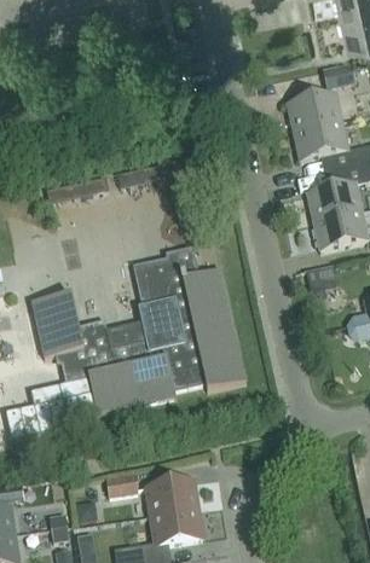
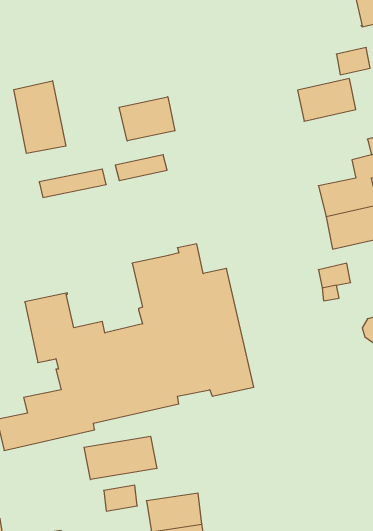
building: none -> [14,81,66,153]
building: none -> [119,97,175,141]
building: [293,121,348,161] -> none
building: none -> [84,436,157,480]

